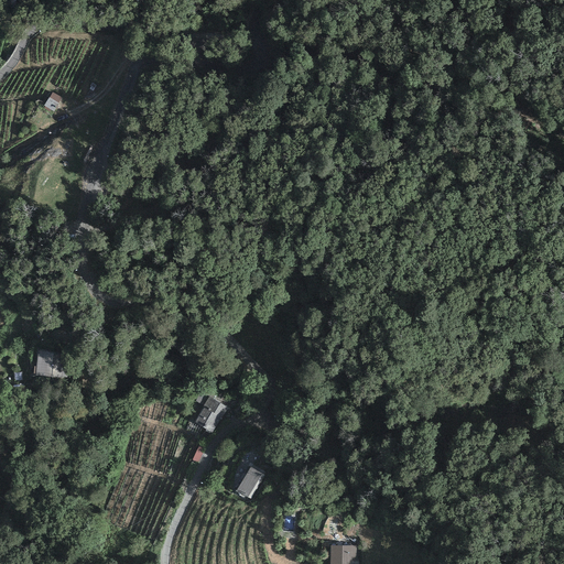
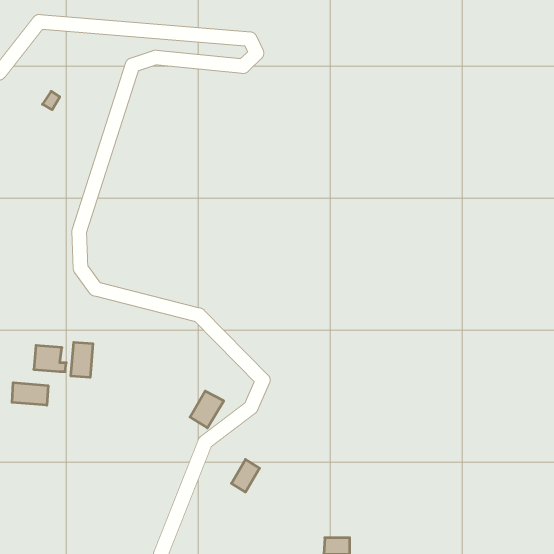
building: none -> [71,342,93,377]
building: none -> [12,383,48,405]

